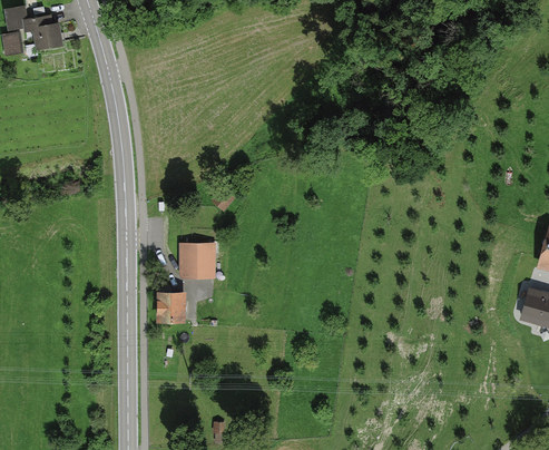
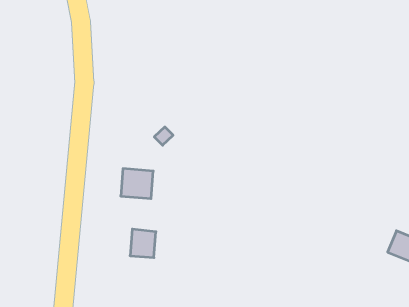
building: [161,293,192,325] -> [130,229,156,258]

